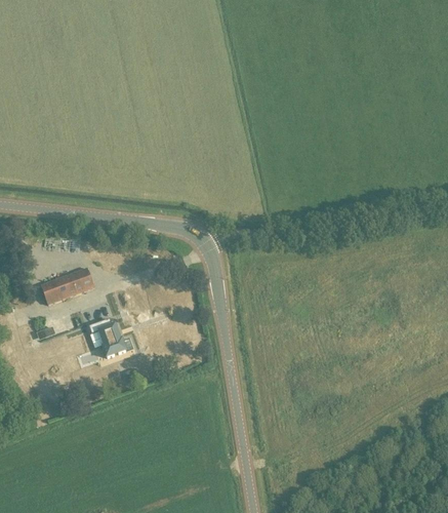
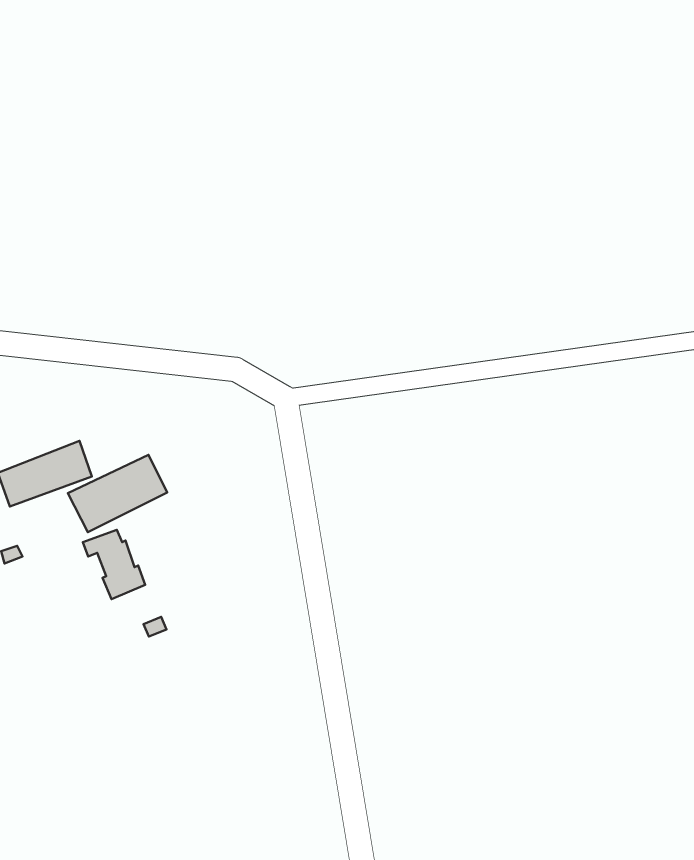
building: none -> [68,455,167,532]

